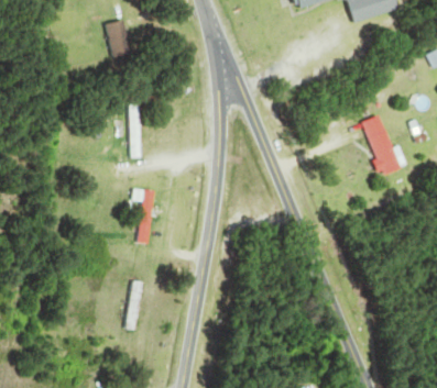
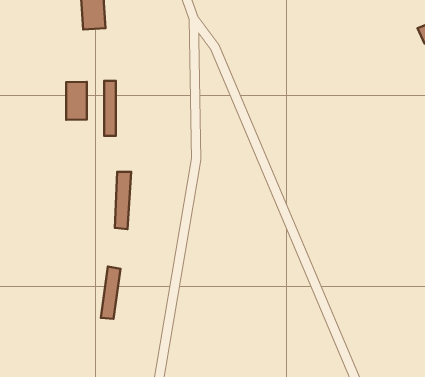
building: none -> [66,82,87,120]
building: [363,117,401,177] -> none

